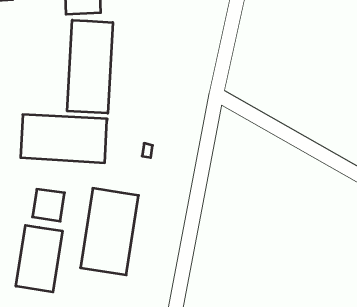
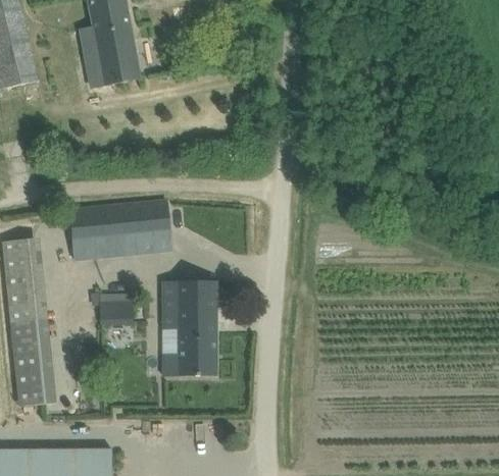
building: [67,20,113,113] -> none
building: [16,225,62,292] -> none

